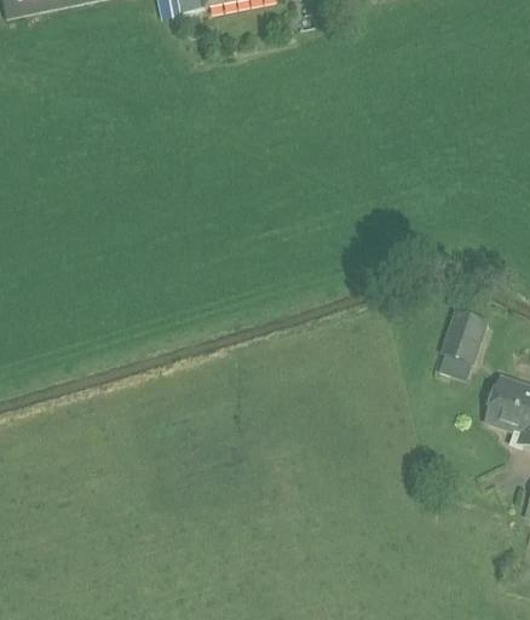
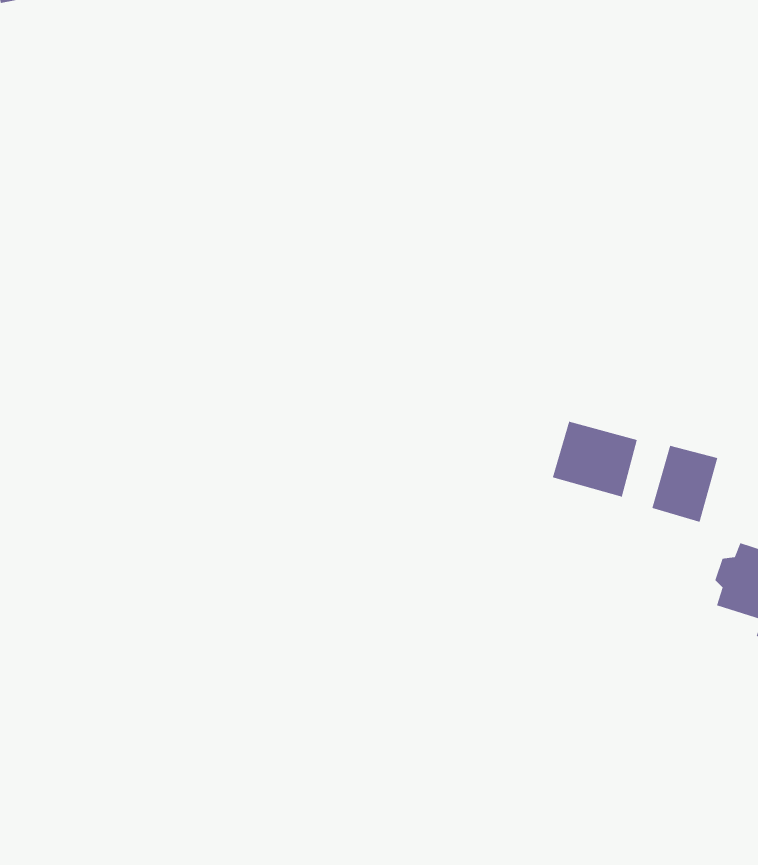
building: none -> [552,421,637,497]

